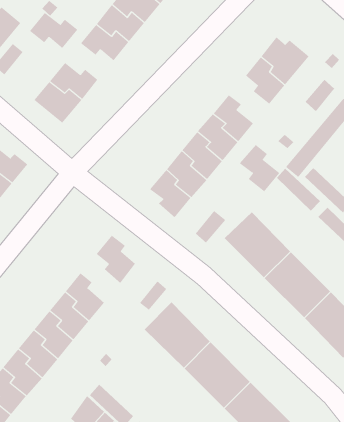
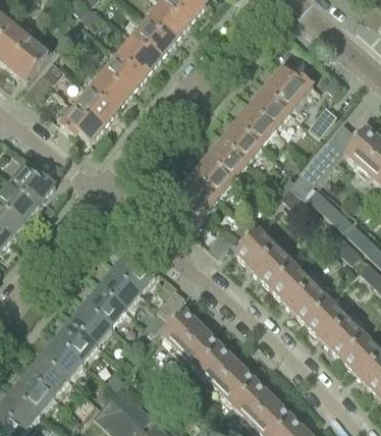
building: [29,12,78,49] -> [88,72,132,106]
building: [239,144,280,192] -> [237,102,275,146]
building: none -> [102,265,139,310]

